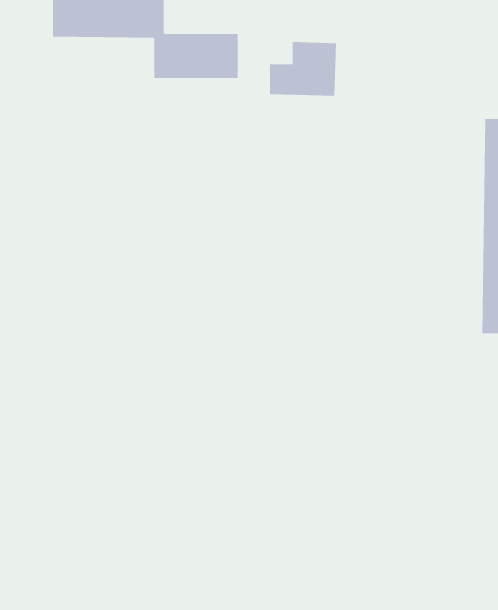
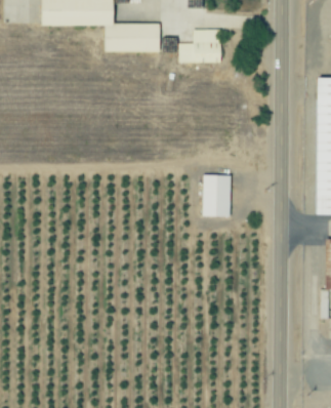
building: none -> [203,174,233,216]

